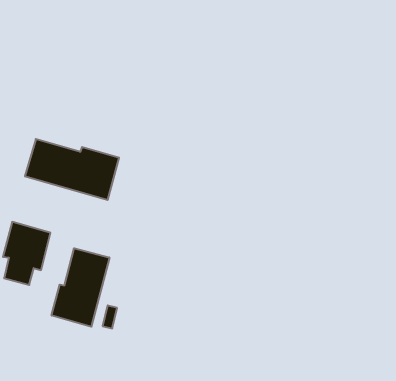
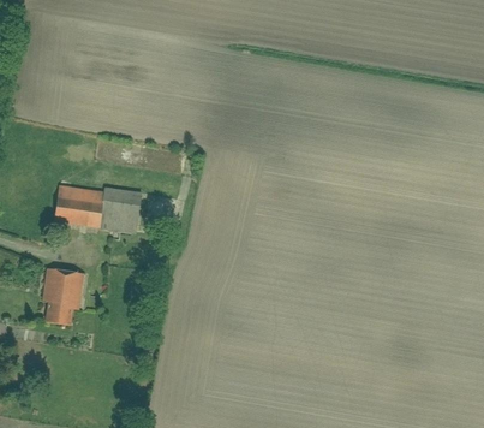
building: [52,248,109,327] -> none

